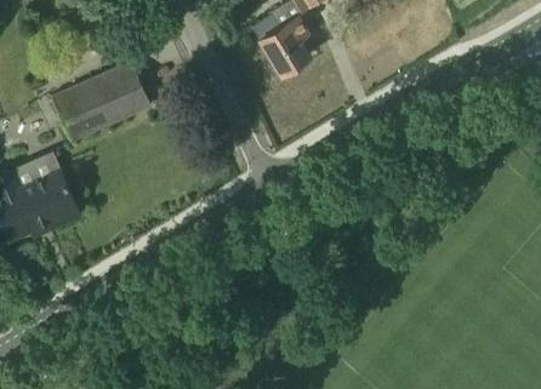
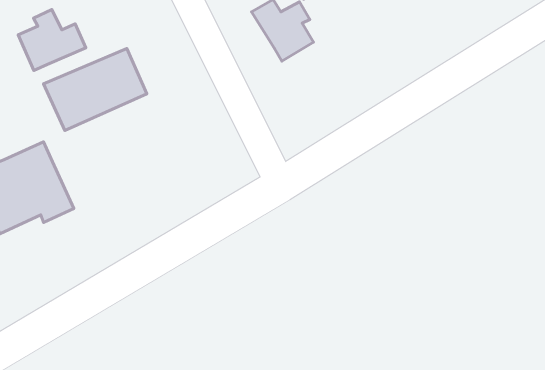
building: none -> [18,10,86,70]

